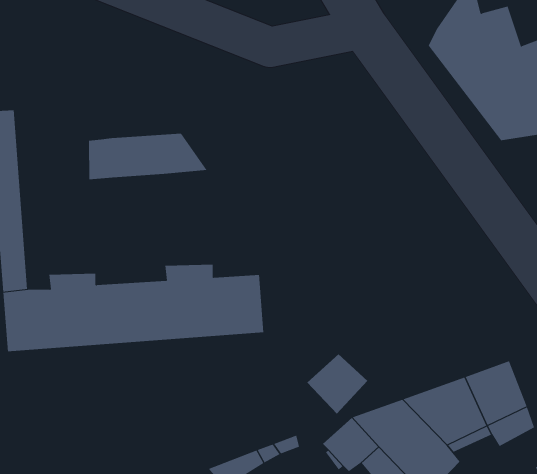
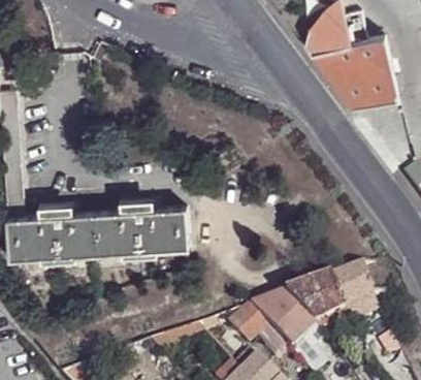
building: [89,133,208,180] -> none
building: [307,353,368,415] -> none

